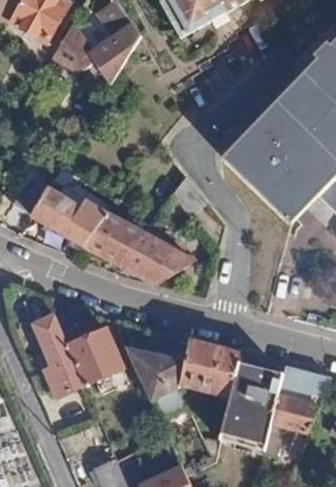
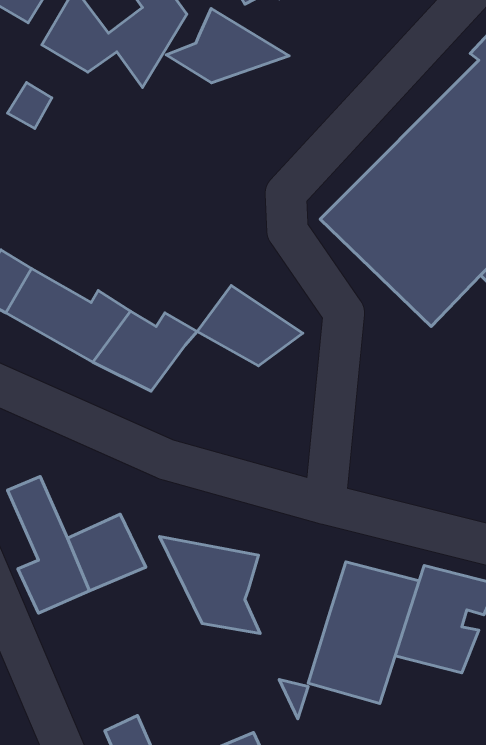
building: none -> [166,9,289,83]
building: [120,234,184,282] -> [197,286,303,366]
building: [179,342,241,395] -> none

